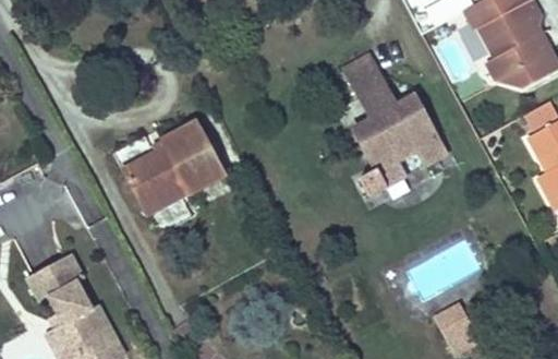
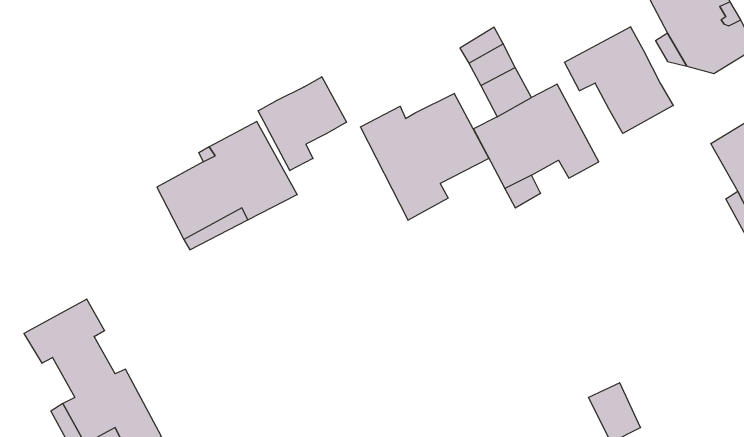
building: none -> [564,27,673,133]
building: none -> [258,77,347,171]
building: none -> [360,93,489,220]

